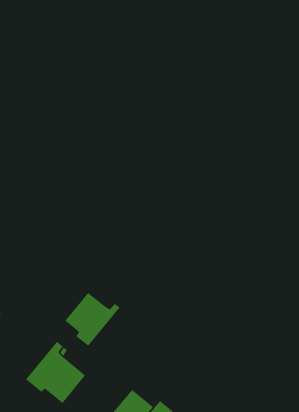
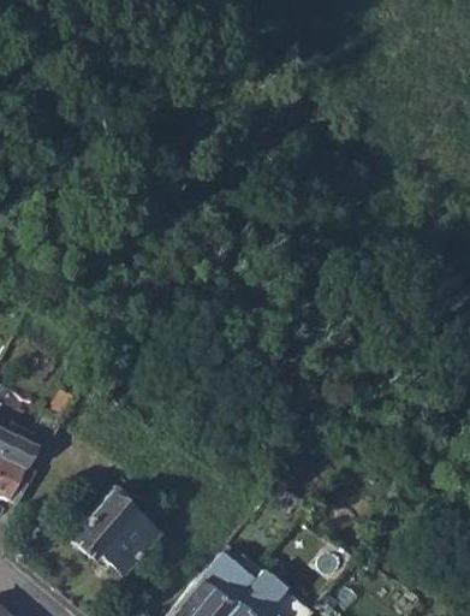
building: [65,292,121,347] -> none

